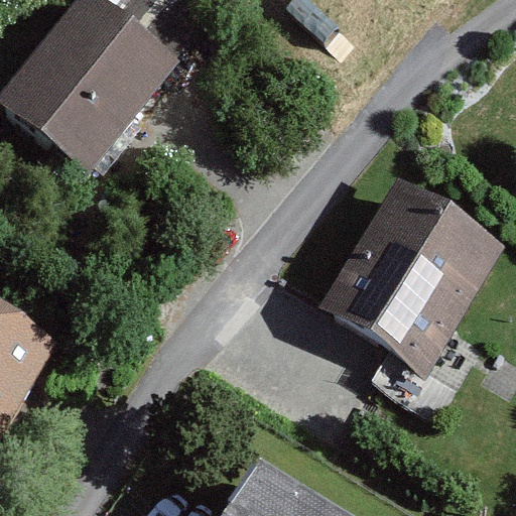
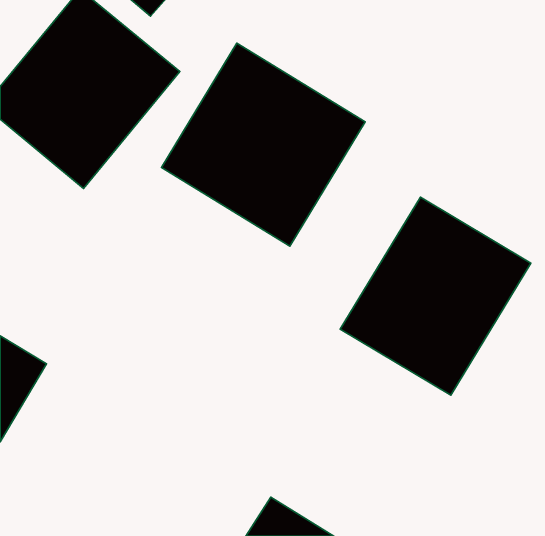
building: none -> [162,43,365,246]

